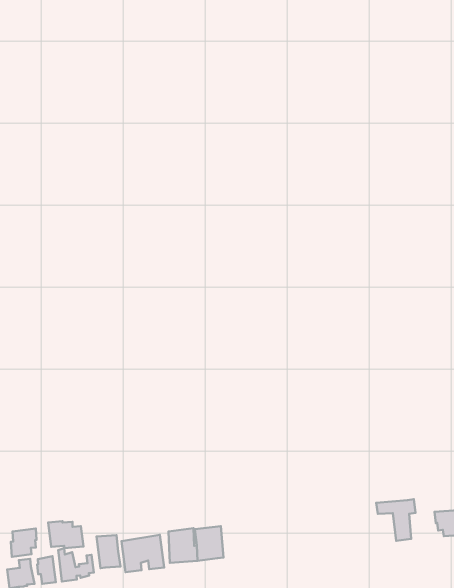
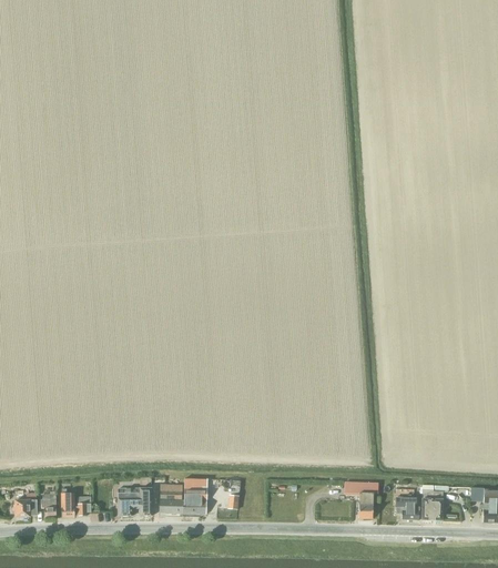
building: [48,521,84,548] -> none
building: [11,529,36,557] -> none
building: [97,535,121,568] -> none

